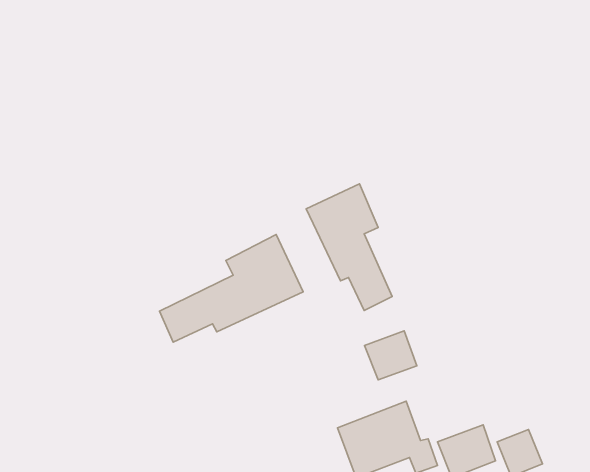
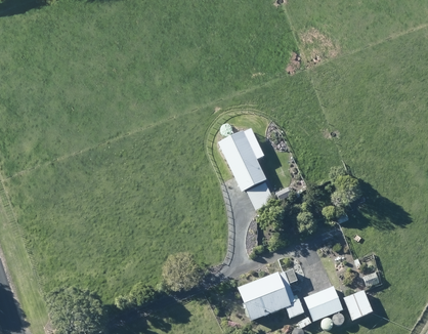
building: [160,235,303,342] -> none
building: [364,331,417,380] -> none

